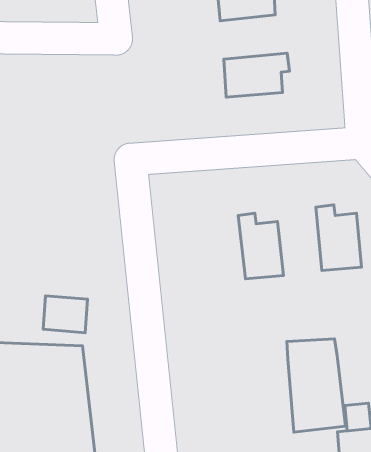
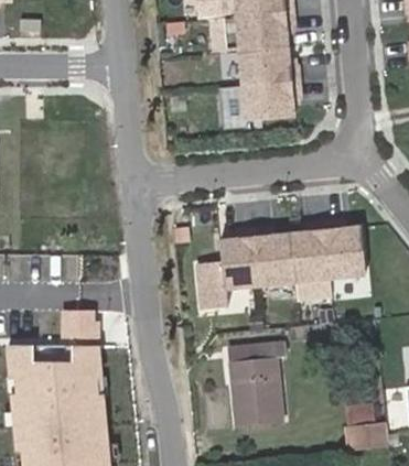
building: none -> [230,45,292,86]
building: none -> [283,223,324,285]
building: none -> [189,230,254,308]
building: [287,339,345,432] -> [227,344,281,430]

